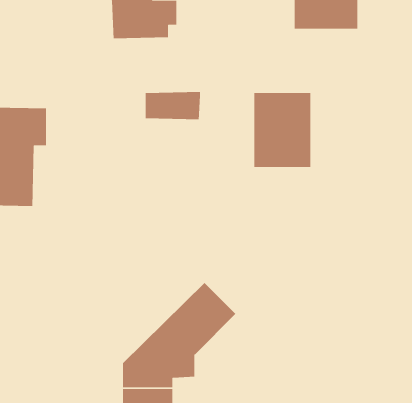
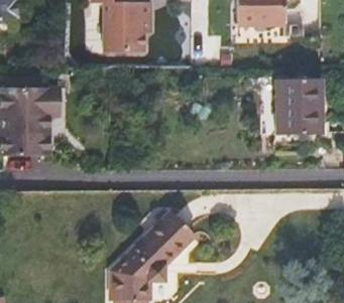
building: [145,91,201,120] -> [104,32,145,53]
building: [253,92,311,168] -> [277,80,320,135]

